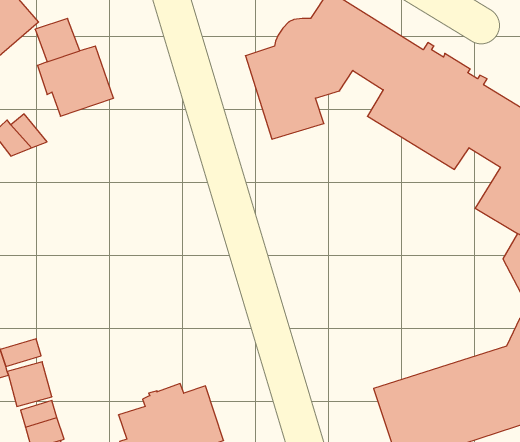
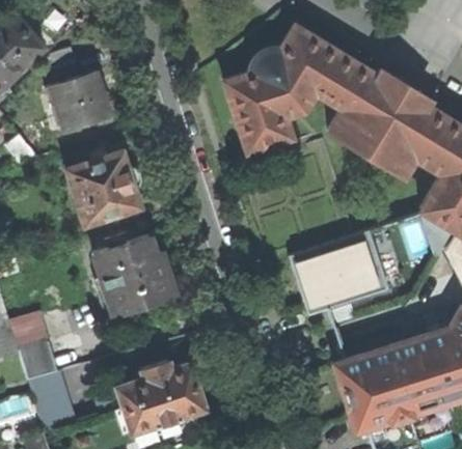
building: none -> [66,151,142,225]
building: none -> [290,231,387,316]
building: none -> [93,234,176,317]

